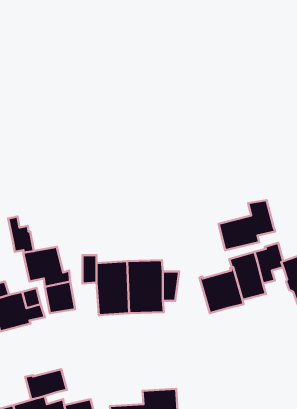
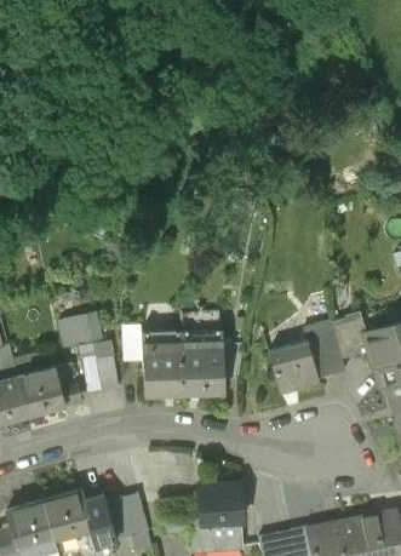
building: [218,200,275,250] -> none
building: [8,216,34,252] -> none
building: [25,369,67,399] -> none

